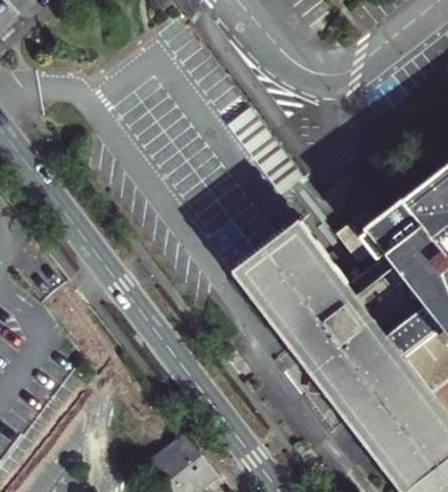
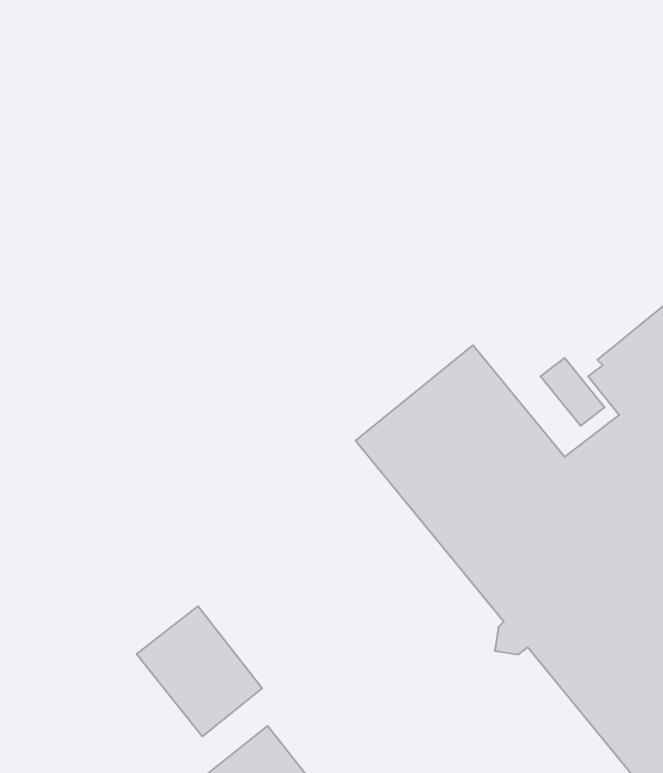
building: none -> [137,606,262,736]

